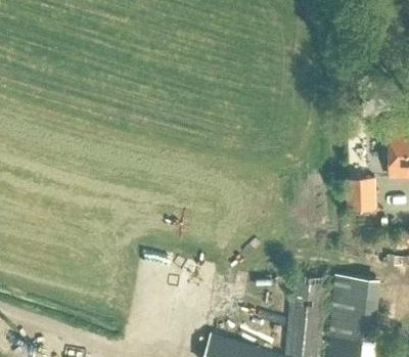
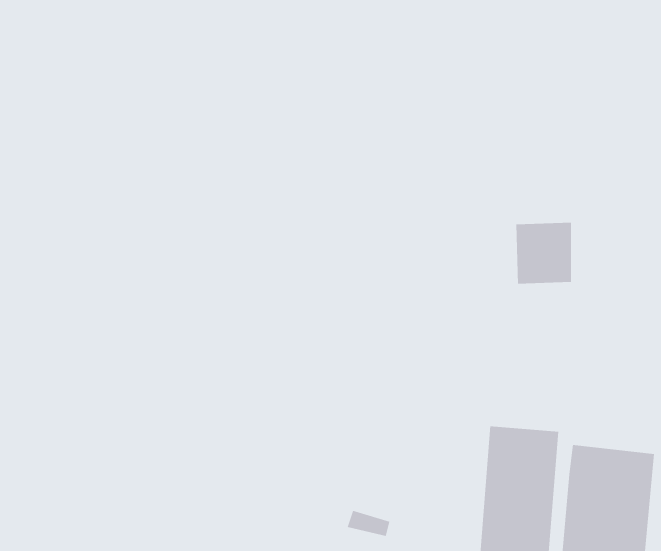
building: [345,178,375,212] -> [515,222,572,284]

